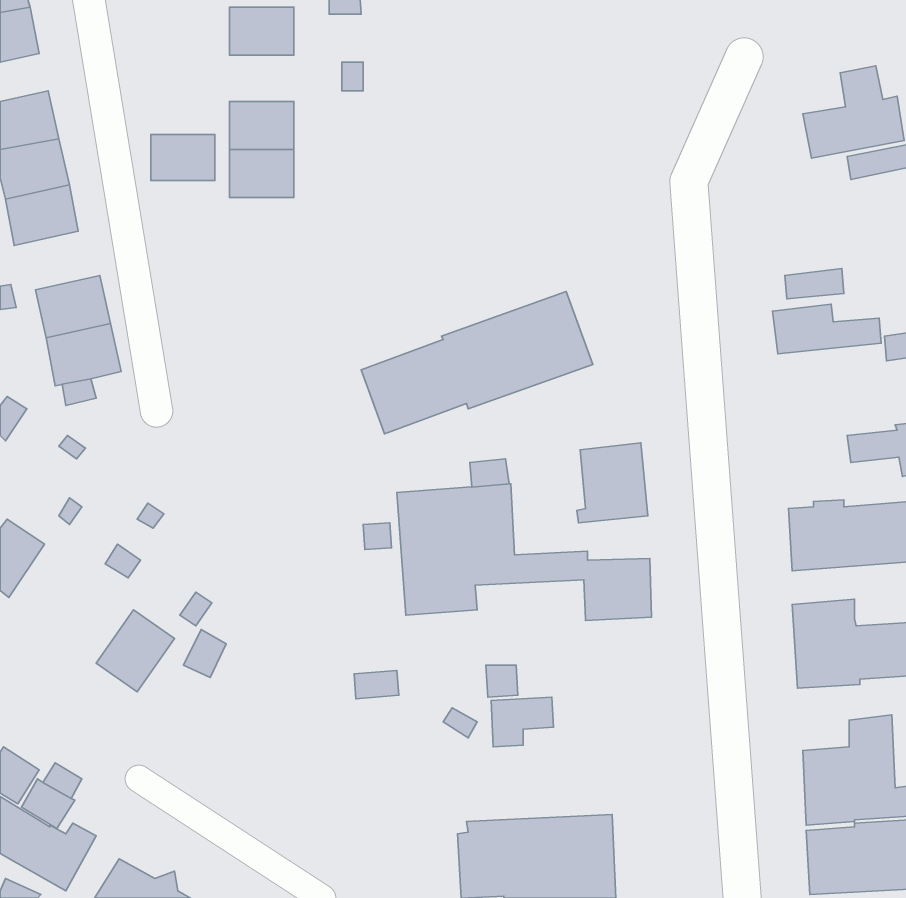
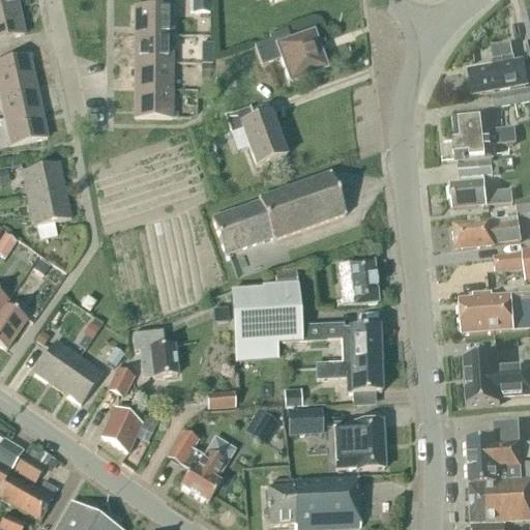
building: none -> [256,27,329,80]
building: [151,134,215,181] -> [136,32,173,59]
building: none -> [226,106,287,165]
building: none -> [453,107,517,156]
building: none -> [454,212,522,245]
building: none -> [132,327,178,376]
building: none -> [34,338,80,386]
building: none -> [317,359,382,391]
building: none -> [102,406,160,451]
building: none -> [334,419,385,467]
building: none -> [169,430,235,501]

